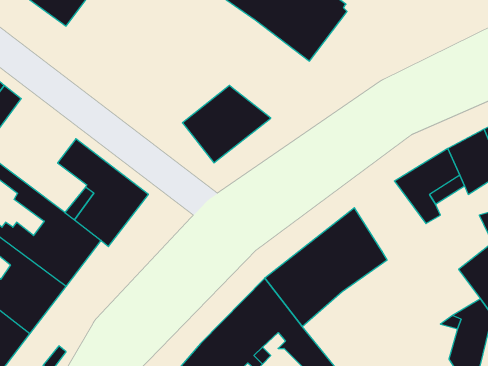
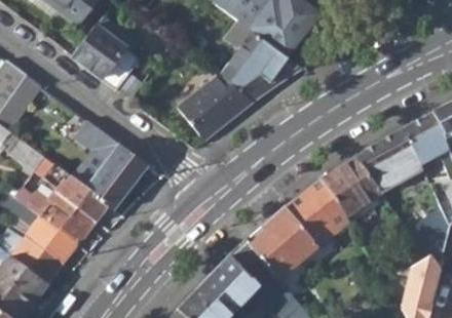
building: none -> [72,16,141,90]
building: none -> [219,19,302,103]
building: none -> [323,156,386,215]

